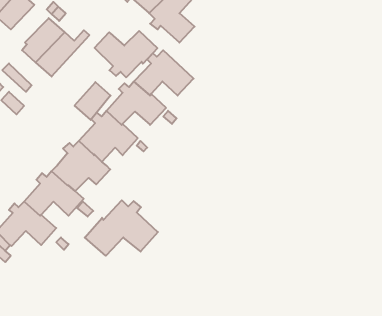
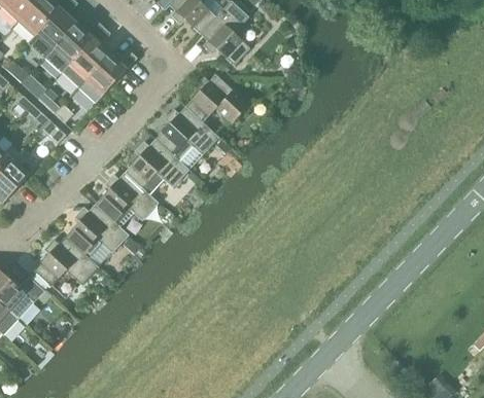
building: none -> [50,24,92,65]
building: [95,31,157,77] -> none
building: [75,82,111,120] -> none
building: [85,200,158,256] -> none

